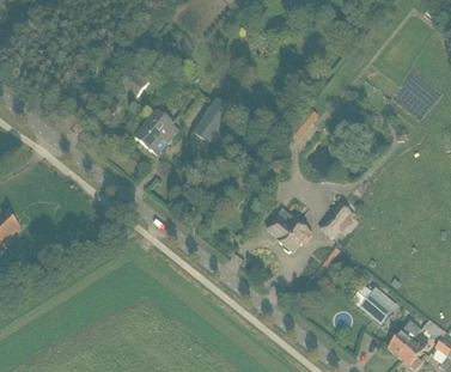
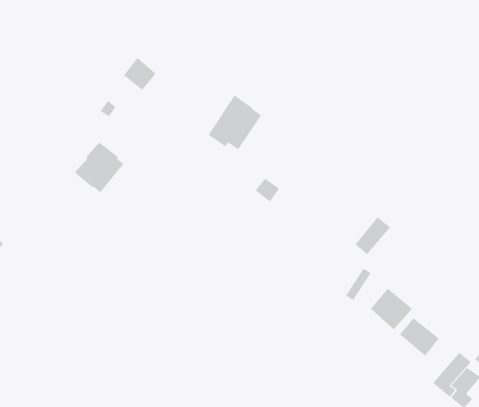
building: [135,110,178,154] -> [74,142,124,193]
building: [267,209,312,251] -> none
building: none -> [370,288,413,330]

